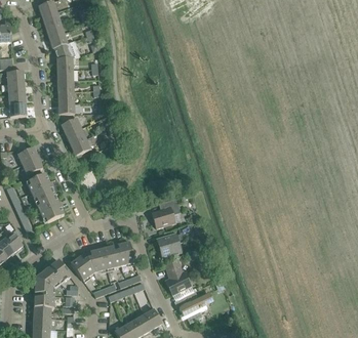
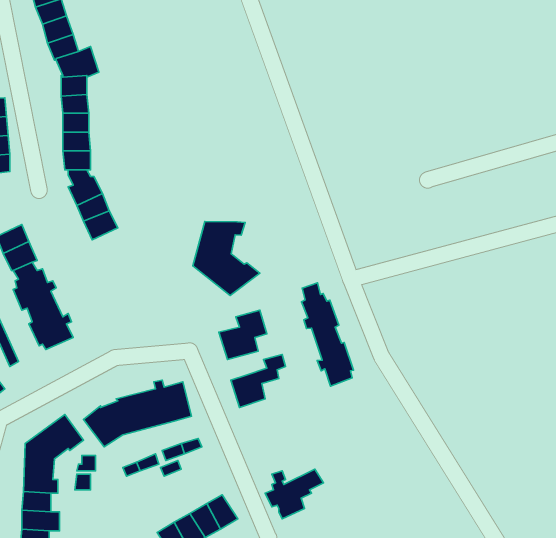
building: none -> [193,222,260,295]
building: none -> [301,283,354,386]
building: [164,260,190,294] -> none

